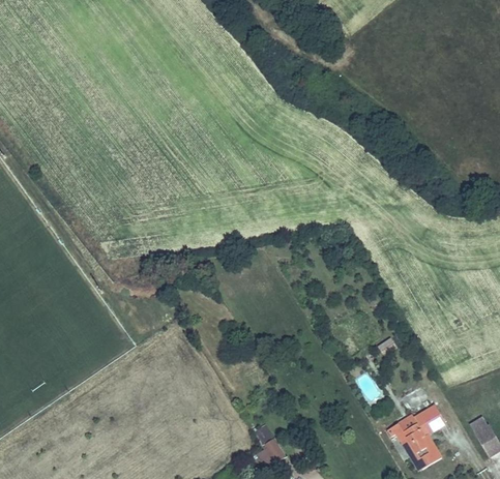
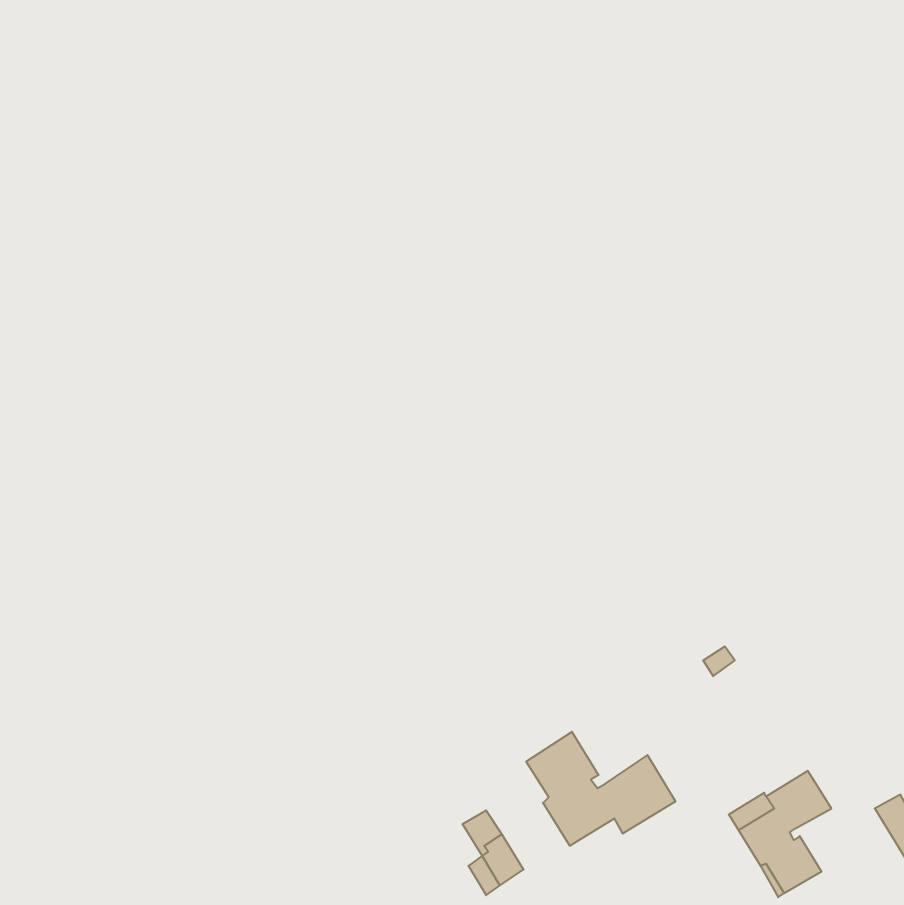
building: none -> [526,732,675,846]

